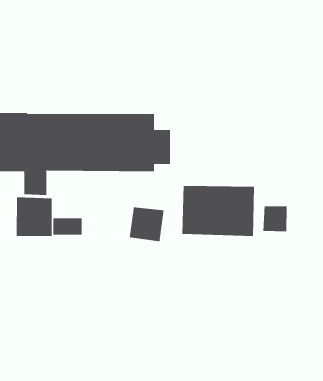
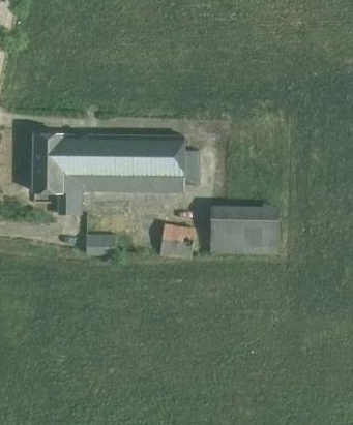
building: [16,196,52,237] -> none
building: [262,205,288,232] -> none

